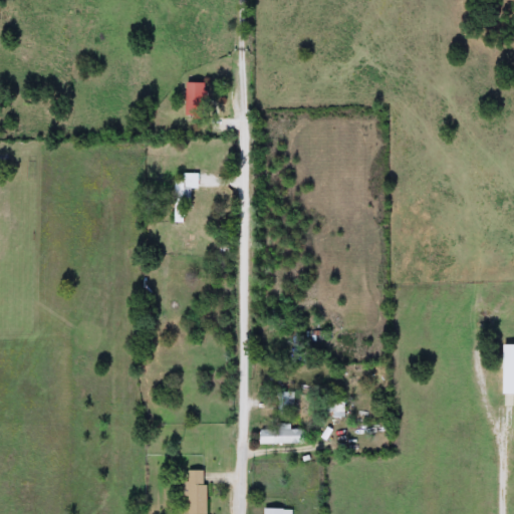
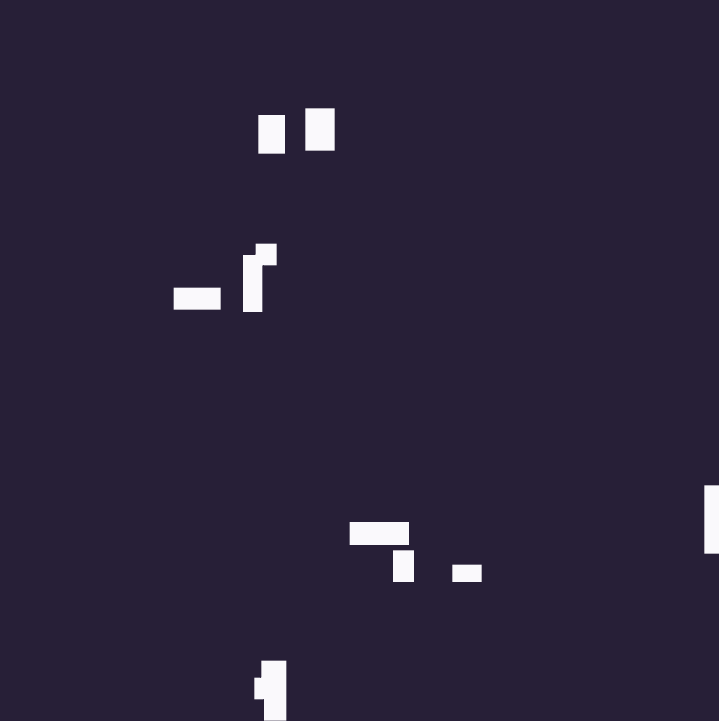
building: none -> [305,107,335,152]
building: none -> [173,287,221,310]
building: [259,427,302,444] -> [349,521,410,545]

